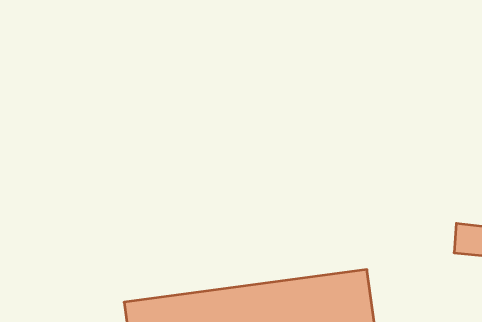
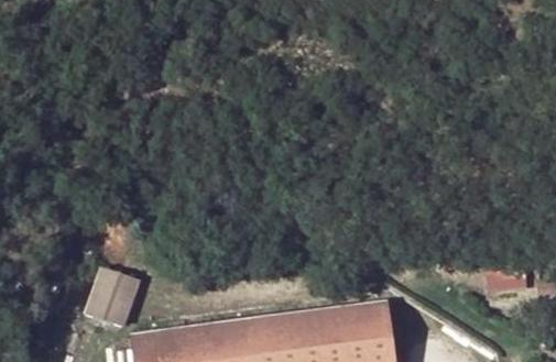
building: none -> [90,274,135,322]

